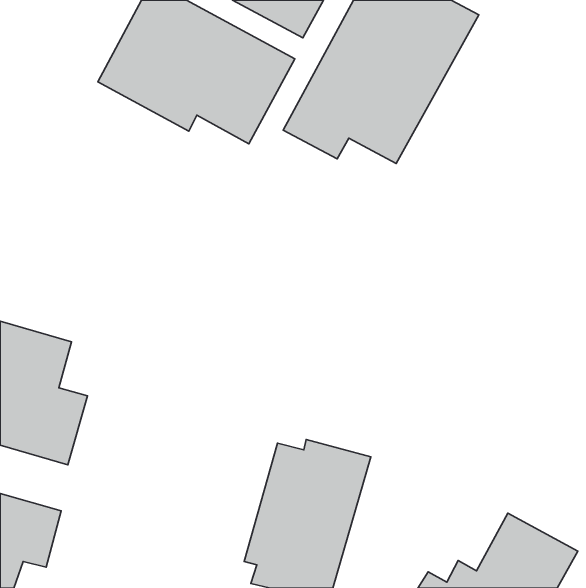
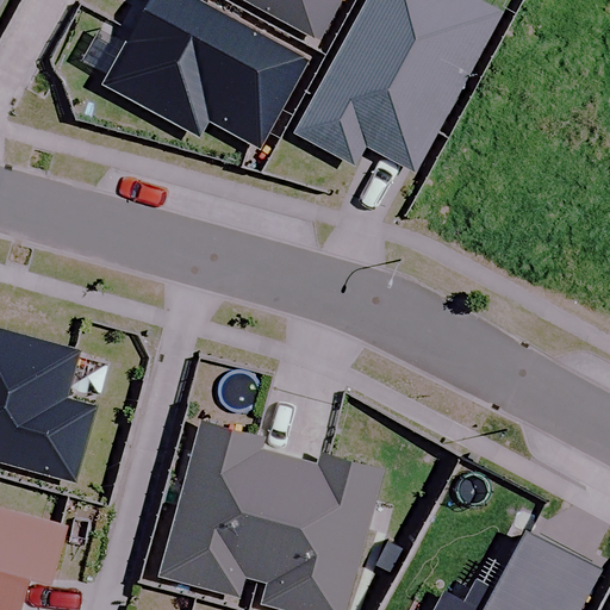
building: none -> [158,422,290,599]

